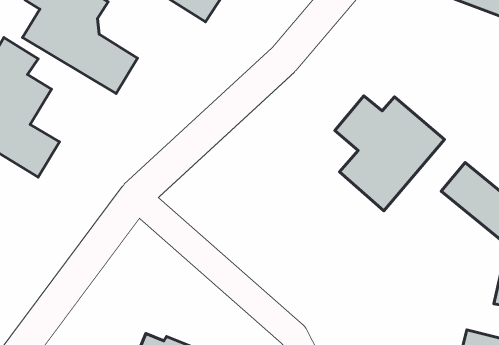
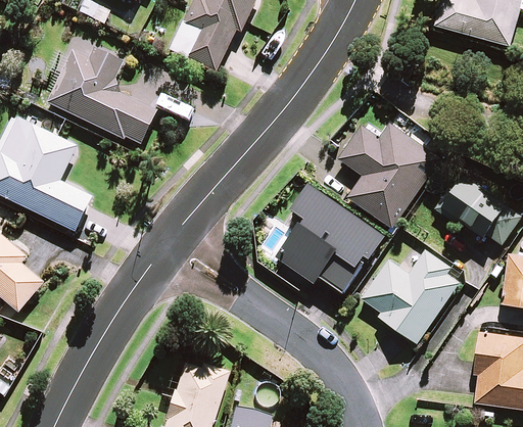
building: none -> [280,183,387,293]
building: none -> [364,249,462,343]

